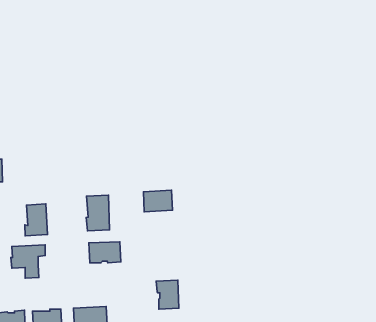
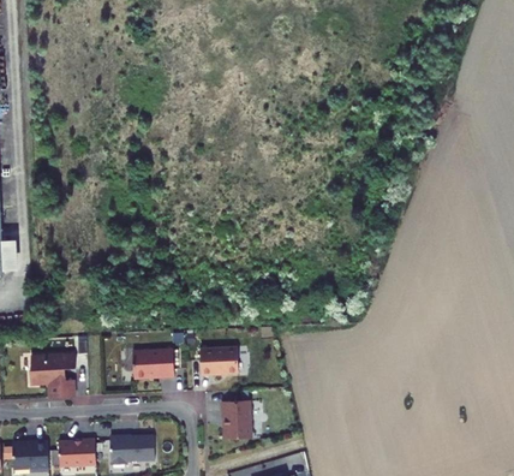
building: [143,190,172,212] -> [197,346,235,375]
building: [86,195,109,231] -> none
building: [25,204,47,236] -> none

